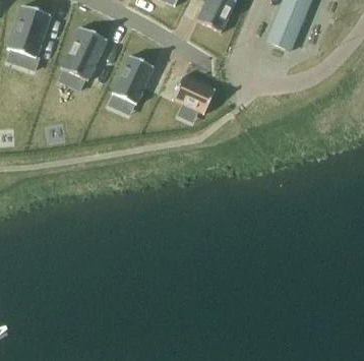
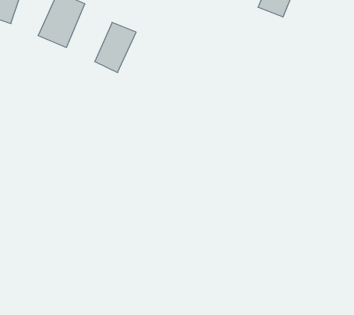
building: [174,75,215,113] -> none

